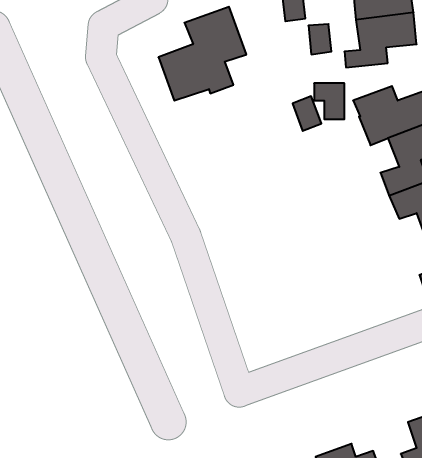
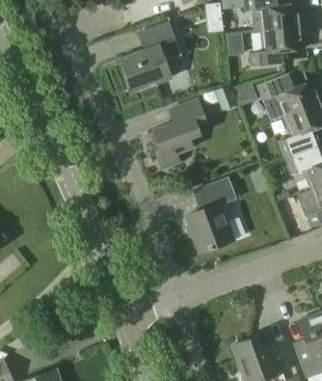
building: none -> [153,100,209,168]
building: none -> [186,178,246,252]

